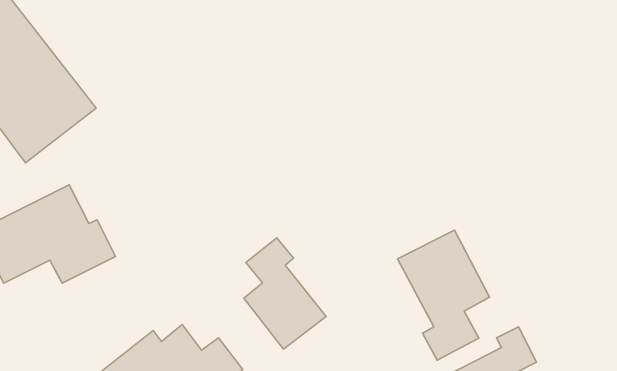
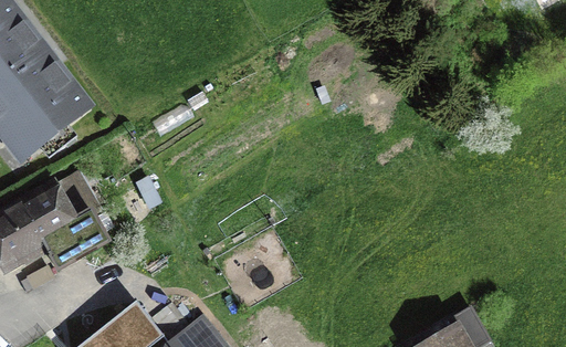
building: [398,230,490,360] -> none
building: [244,238,326,349] -> none

